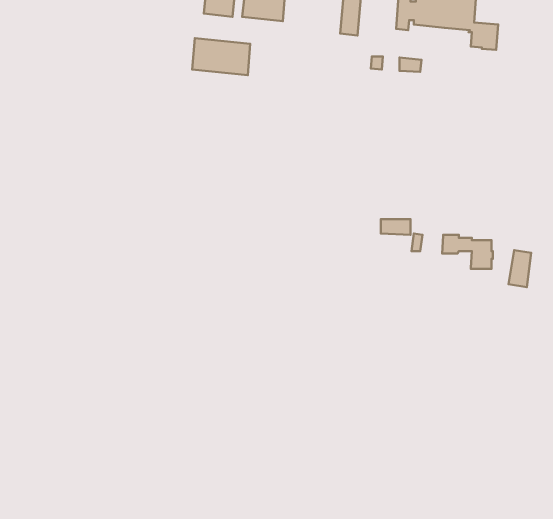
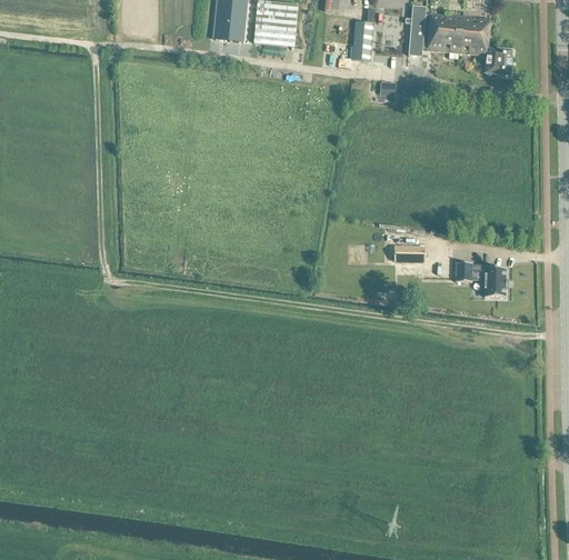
building: [192,38,250,75] -> none
building: [508,250,531,287] -> none

